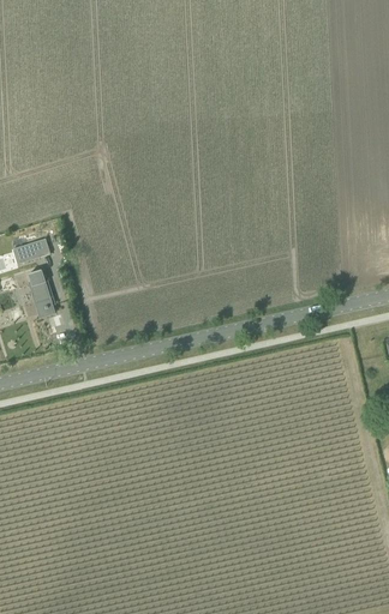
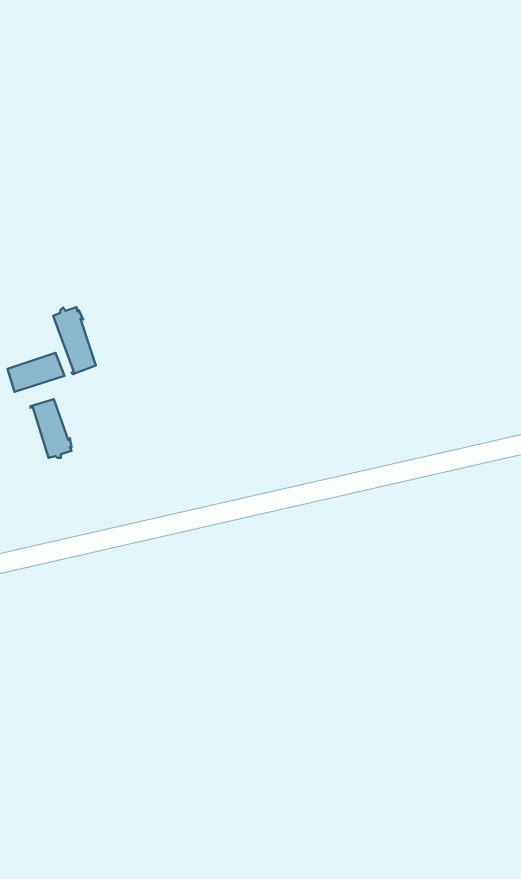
building: none -> [53,307,96,374]

